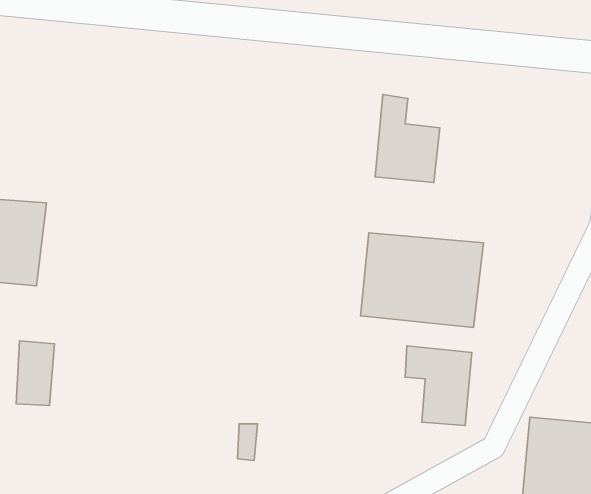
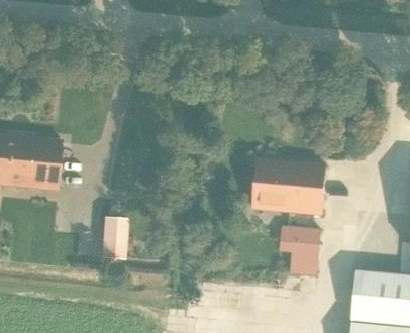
building: [375,94,440,183] -> none
building: [16,341,54,405] -> [102,217,125,256]

